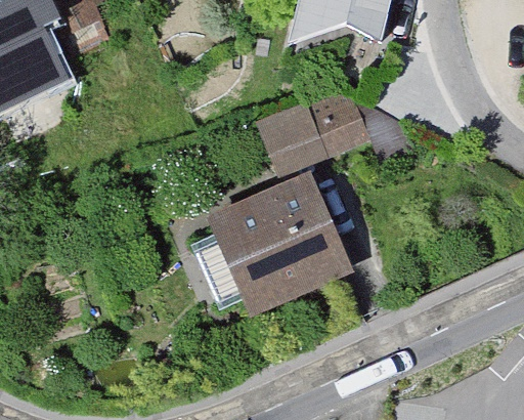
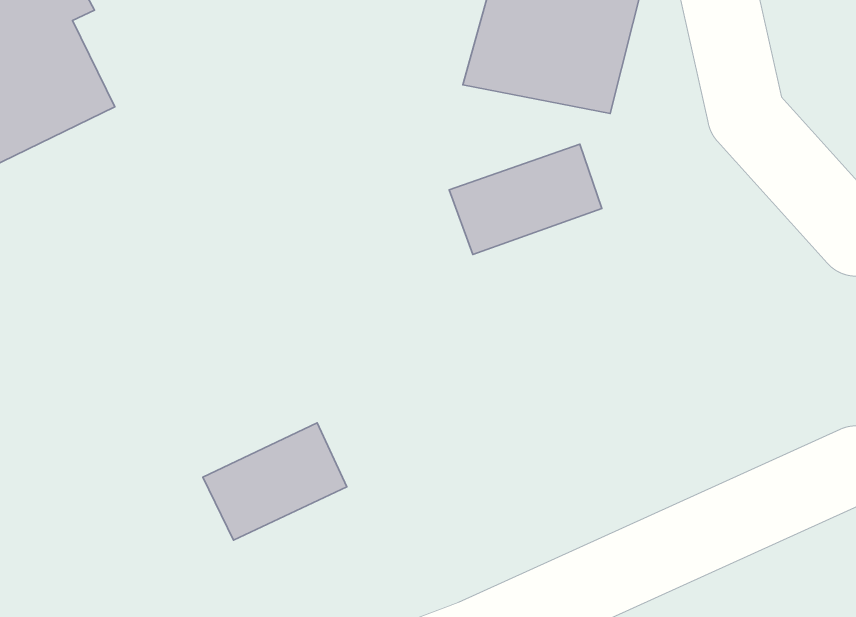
building: [214,181,342,308] -> none
building: none -> [203,423,347,540]

